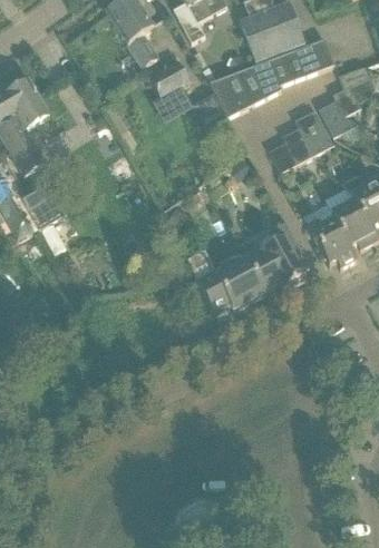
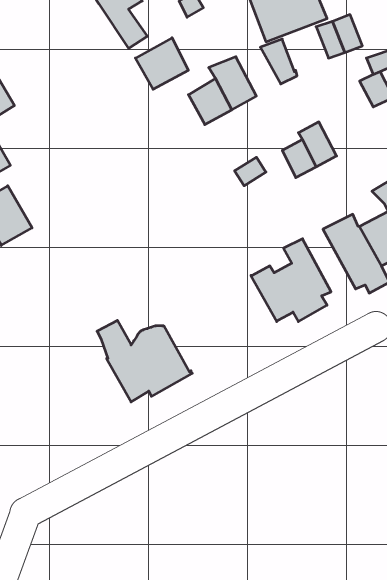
building: [269,49,307,86] -> none
building: [231,66,268,106] -> none
building: [318,94,350,136] -> none
building: [295,112,330,155] -> none
building: [188,248,266,315] -> [97,320,192,402]

